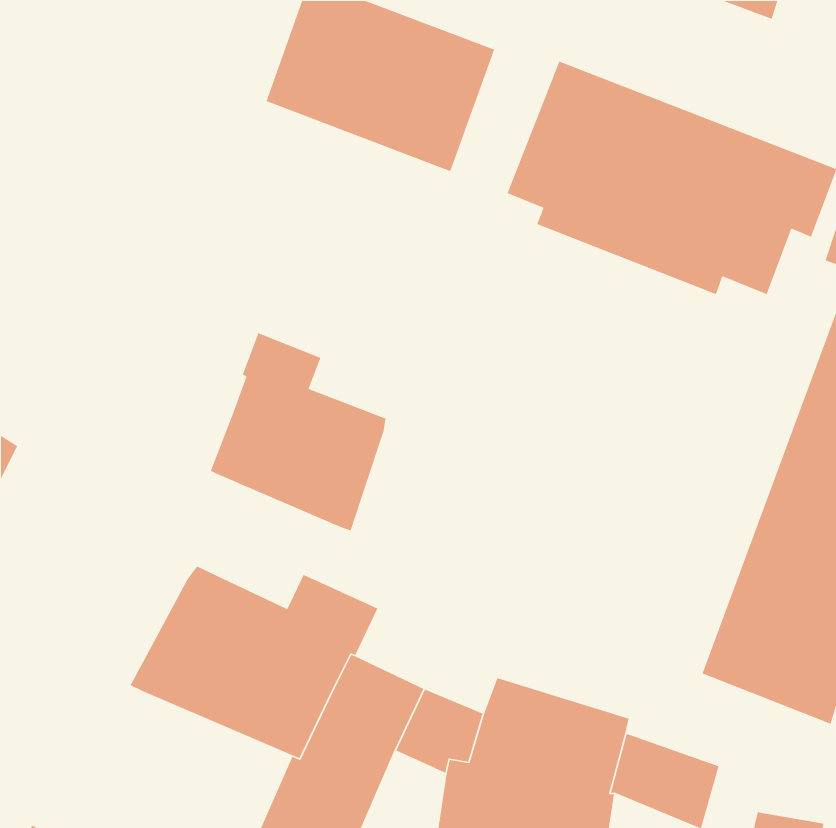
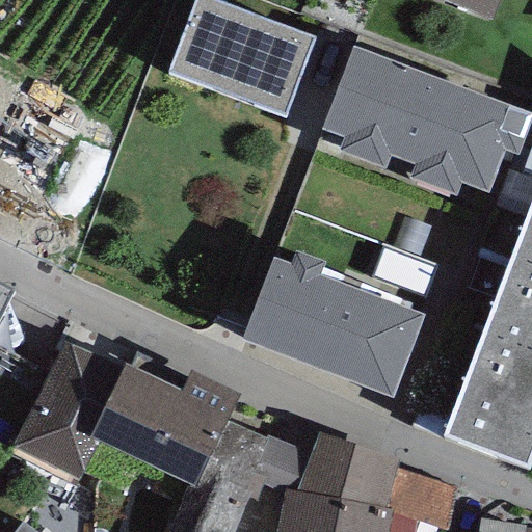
building: [210,332,387,531] -> none
building: none -> [243,248,425,397]
building: none -> [11,346,119,484]

